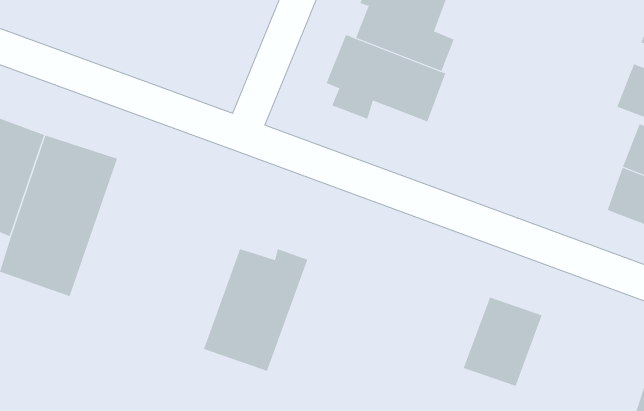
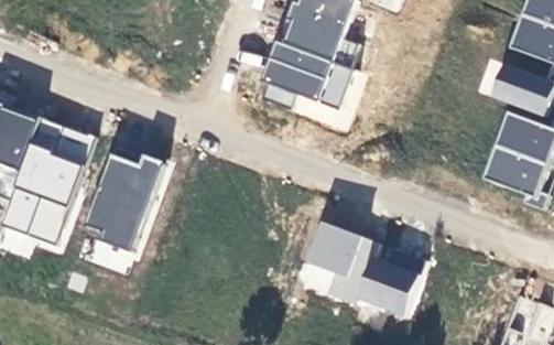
building: [203,248,308,371] -> [84,155,166,252]
building: none -> [313,224,389,306]

